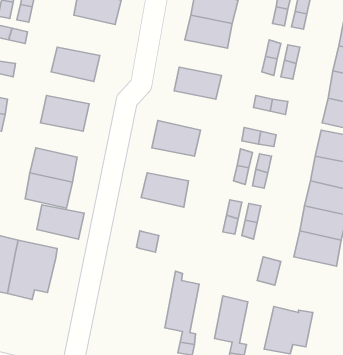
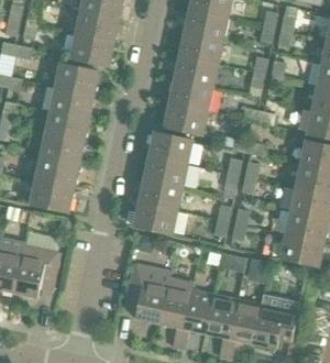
building: none -> [69,33,113,66]
building: none -> [173,56,218,89]
building: none -> [50,86,94,116]
building: none -> [163,103,207,135]
building: none -> [143,156,187,187]
building: none -> [133,202,177,234]
building: [37,205,84,239] -> [40,133,84,165]
building: none -> [124,263,169,323]
building: none -> [183,289,213,333]
building: none -> [229,299,261,343]

